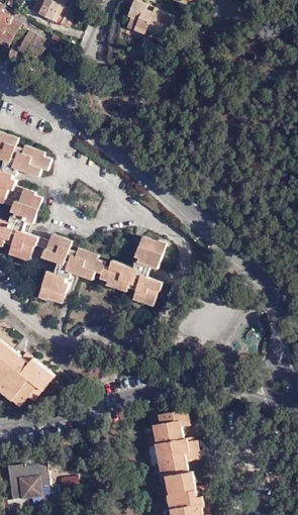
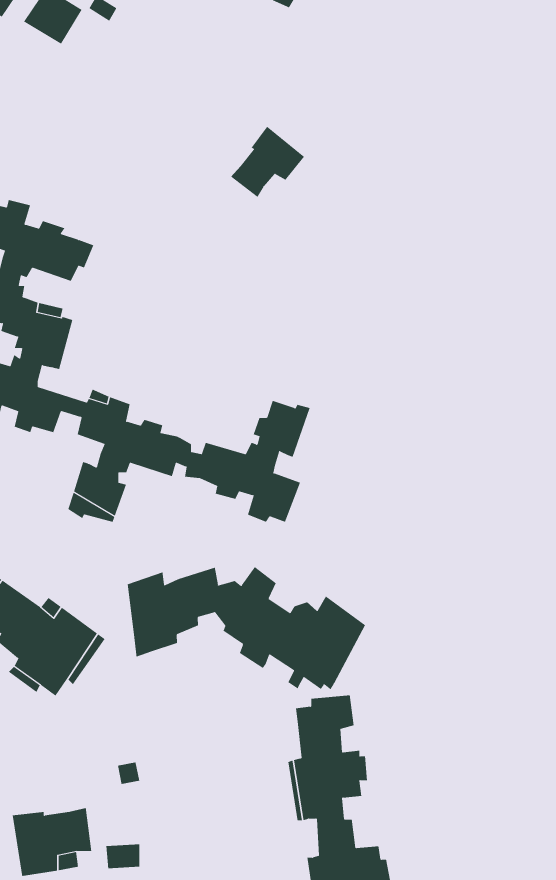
building: none -> [230,126,305,198]
building: none -> [127,566,366,690]

